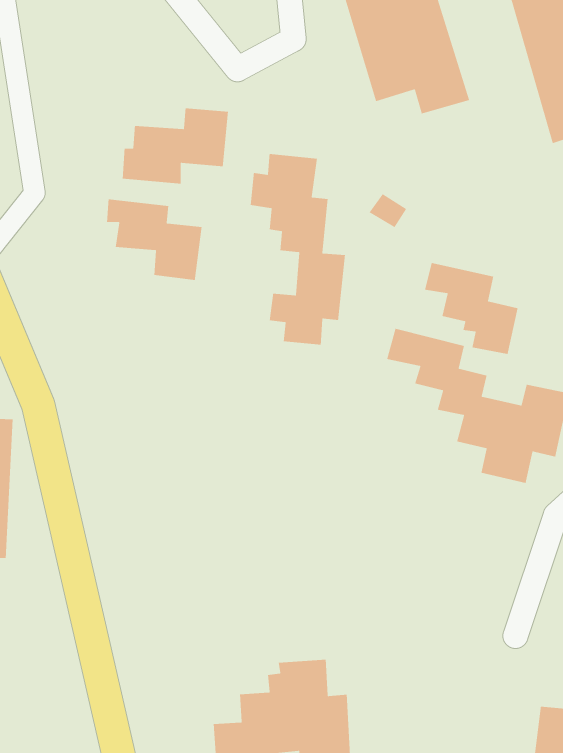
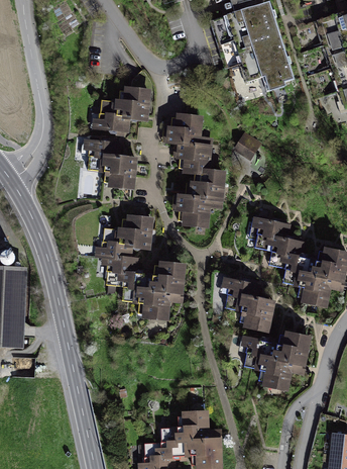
building: [424,262,519,355] -> [218,275,272,329]
building: none -> [94,217,185,319]
building: none -> [241,333,311,389]

